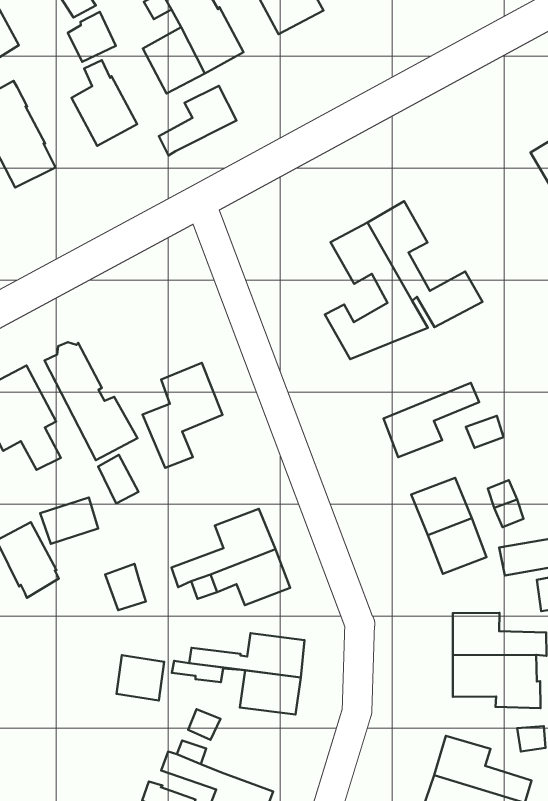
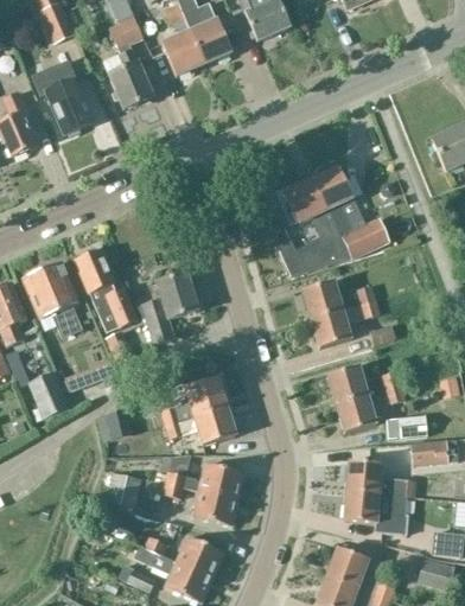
building: [159,86,236,155] -> none
building: none -> [302,280,375,319]
building: none -> [176,536,223,578]

